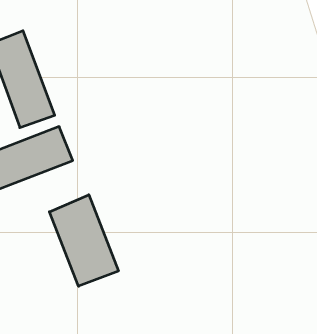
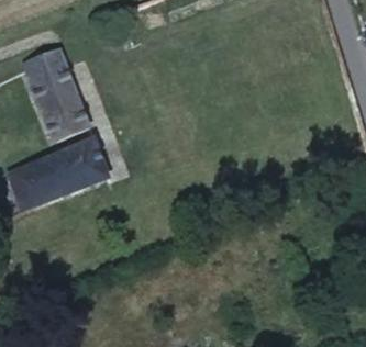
building: [49,195,118,286] -> none

